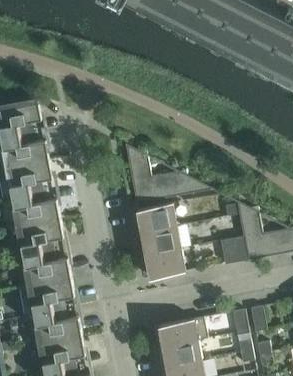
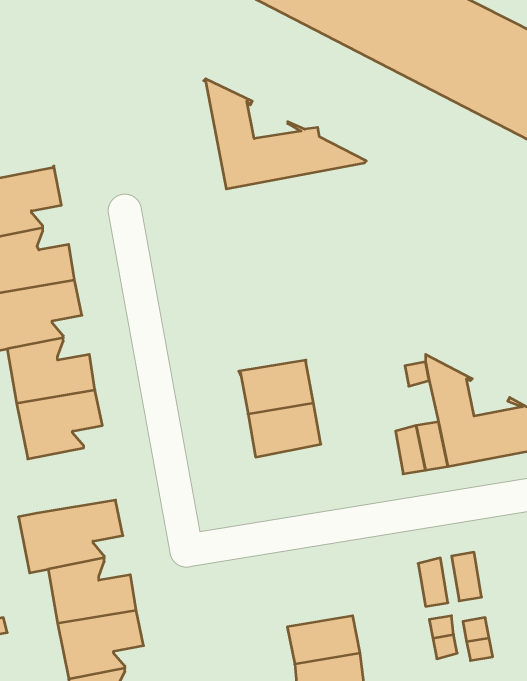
building: [123,144,210,203] -> [204,79,366,189]
building: [144,248,183,278] -> none
building: [22,250,69,285] -> none
building: [157,317,206,346] -> none

